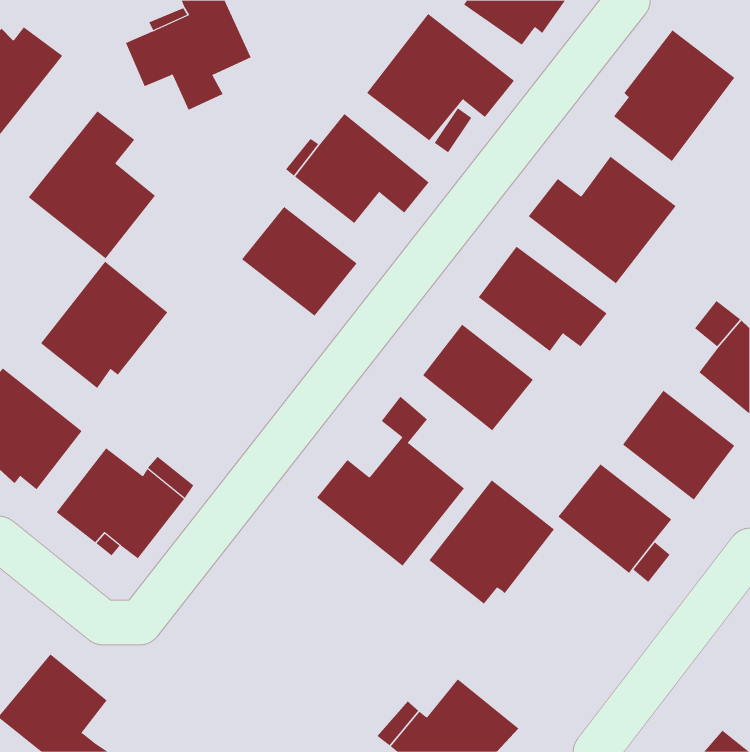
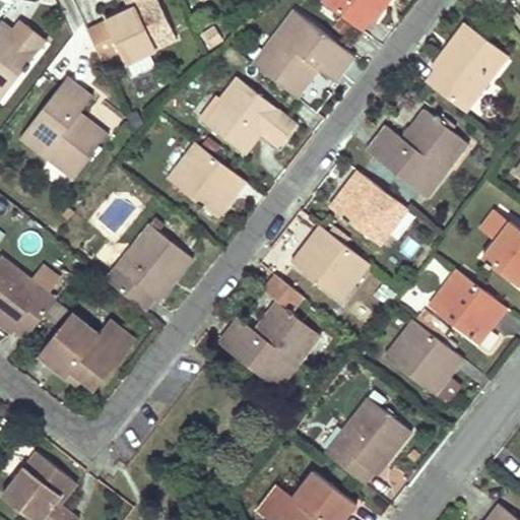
building: [40,261,168,389] -> [106,223,194,312]
building: [428,479,555,604] -> [326,397,413,483]

